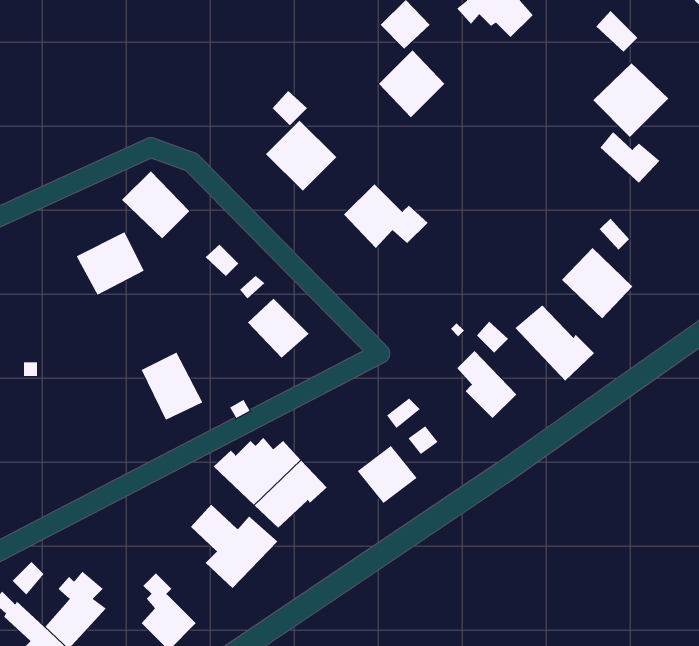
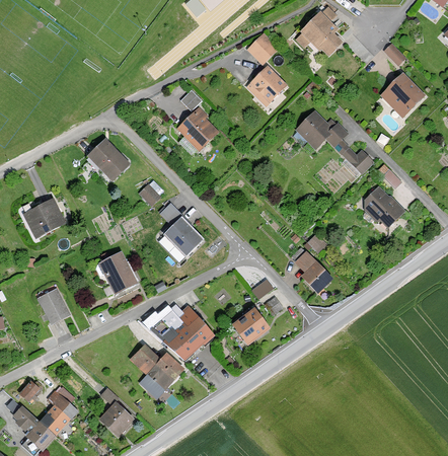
building: [600,131,660,184] -> [338,143,375,175]
building: [343,183,428,249] -> [295,110,348,151]
building: [76,232,145,295] -> [23,199,66,238]
building: [514,304,595,382] -> none
building: none -> [38,289,70,325]

